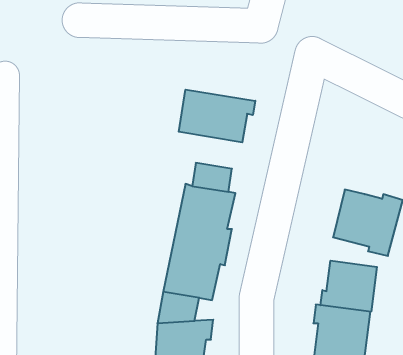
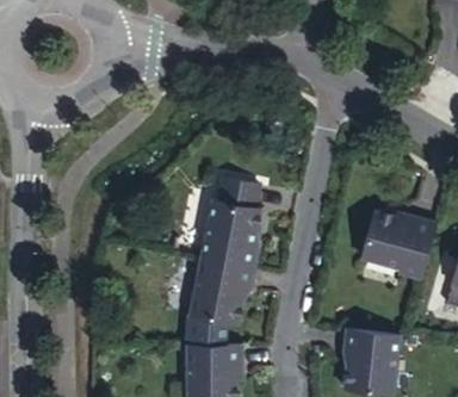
building: [179,90,255,142] -> none
building: [320,261,377,312] -> none

